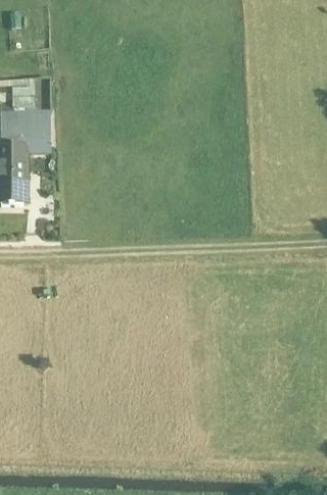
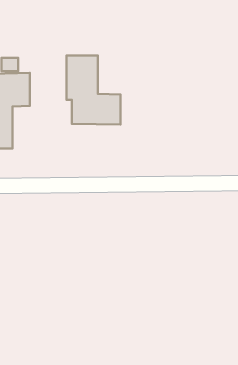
building: none -> [66,55,121,125]

